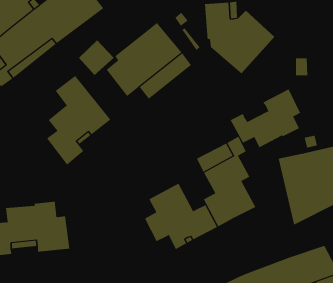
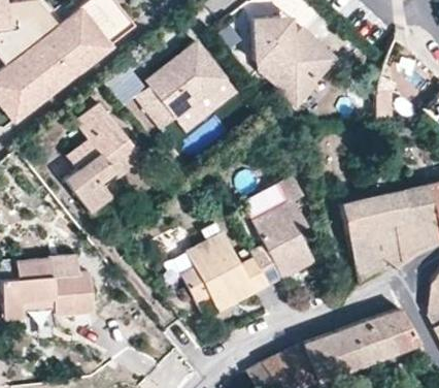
building: [230,88,301,148] -> none

